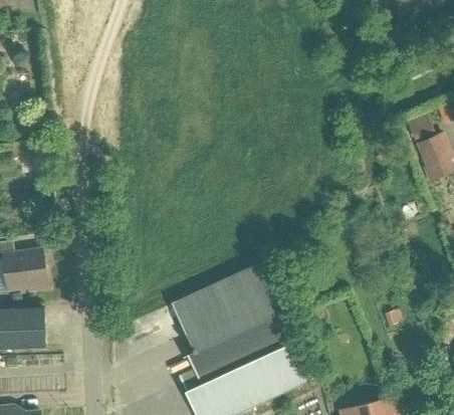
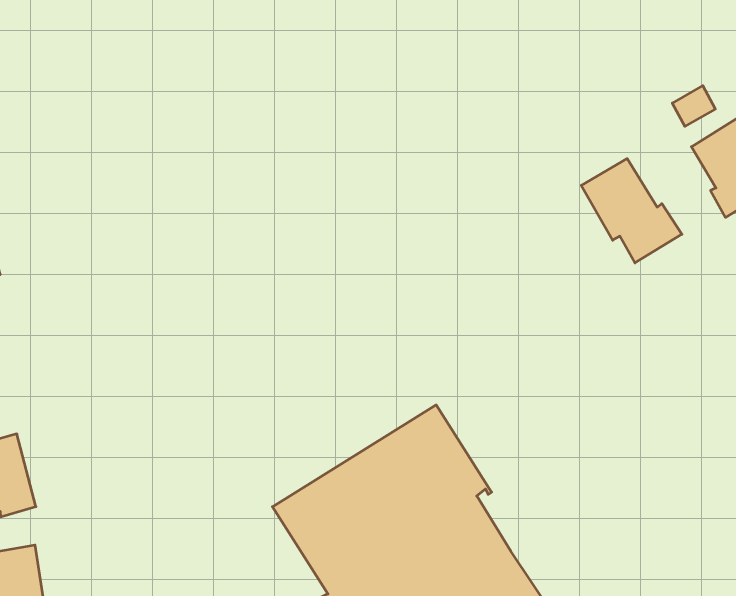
building: none -> [581,159,682,263]

